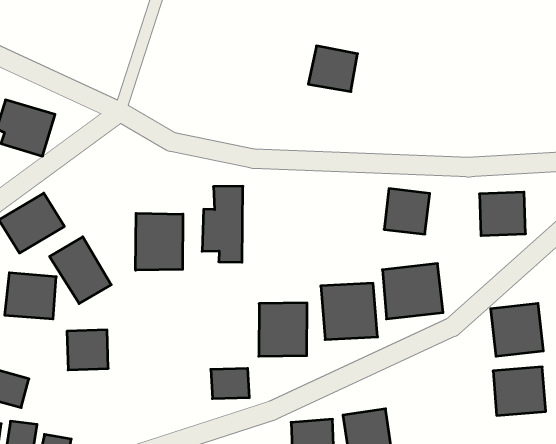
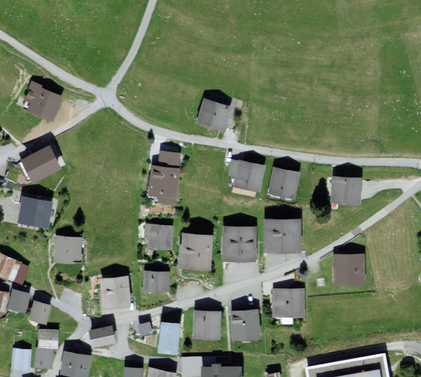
building: [308,46,358,92] -> [193,95,227,127]
building: none -> [229,161,264,192]
building: [136,213,183,270] -> none
building: [50,237,111,304] -> none
building: none -> [145,224,173,250]
building: [493,367,546,415] -> [271,288,304,318]
building: none -> [101,275,130,308]

